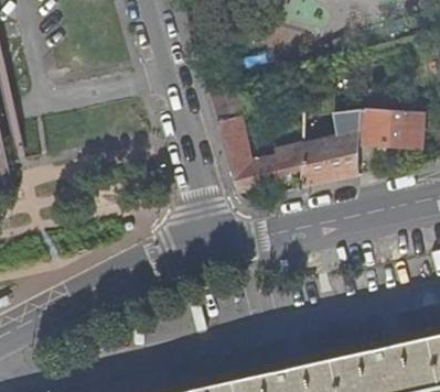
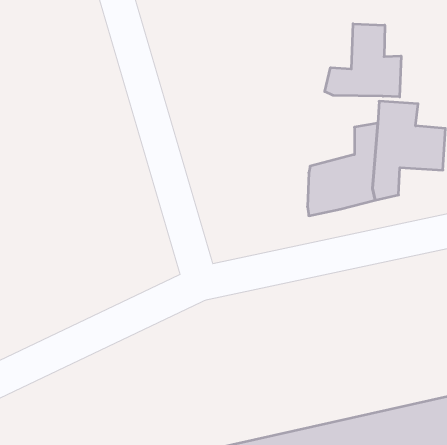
building: none -> [325,24,401,97]
building: [204,84,300,193] -> none

